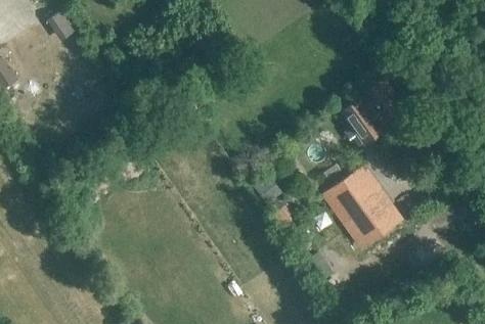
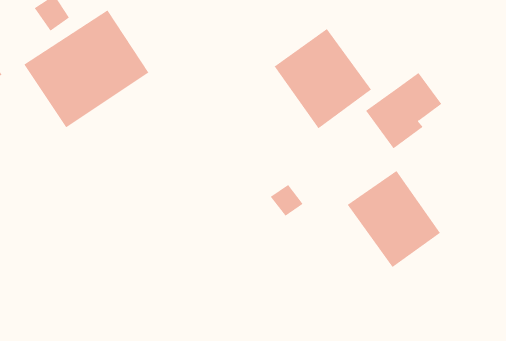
building: none -> [23,10,149,128]
building: none -> [274,28,372,129]

